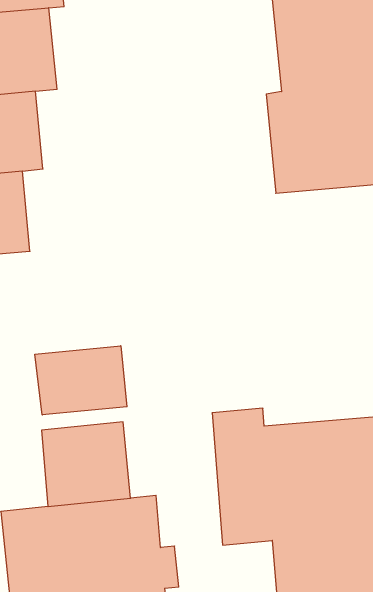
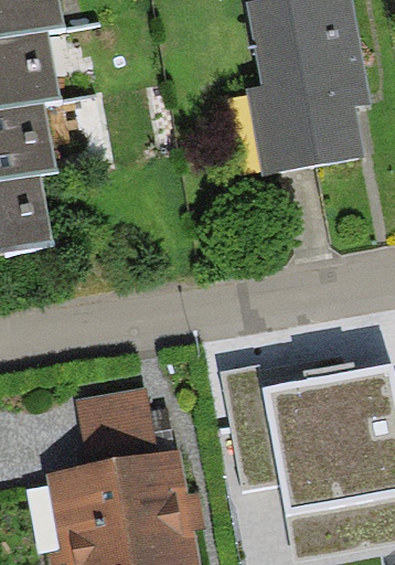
building: [35,346,127,415] -> none

